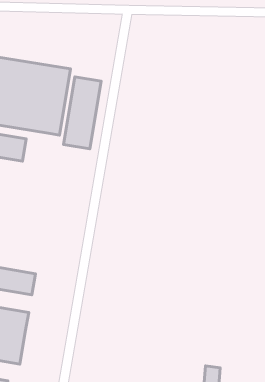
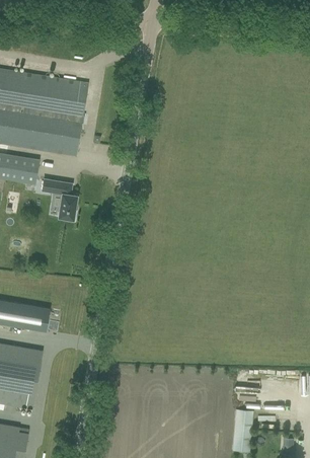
building: [63,77,101,149] -> none
building: none -> [43,178,77,221]

